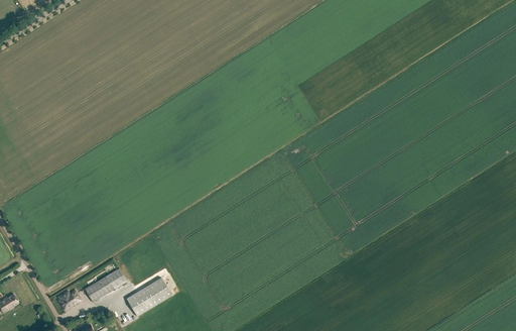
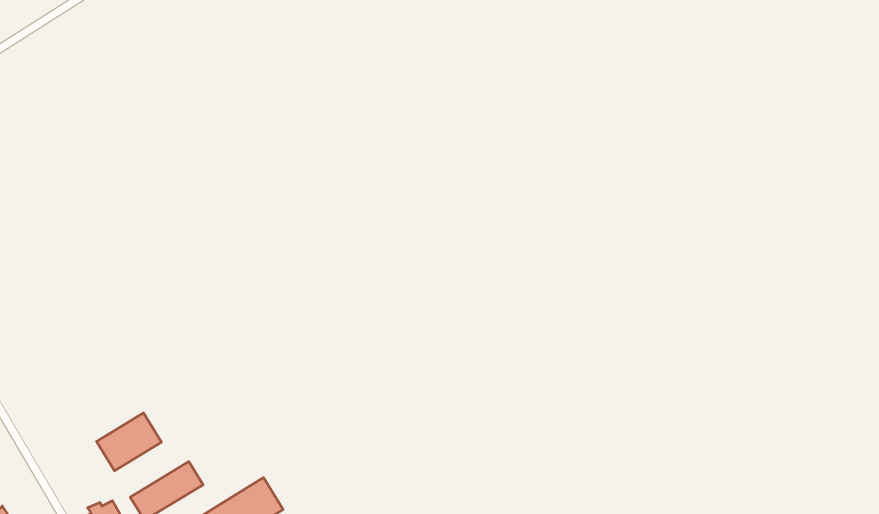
building: none -> [97,413,161,471]

